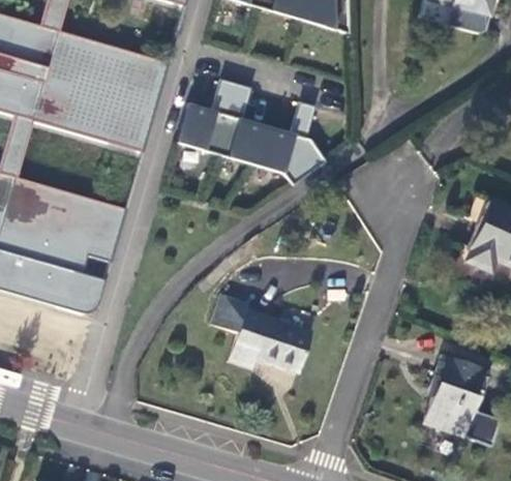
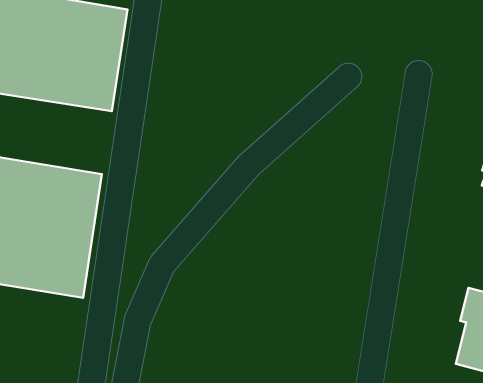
building: [172,78,323,186] -> none
building: [207,294,309,371] -> none

